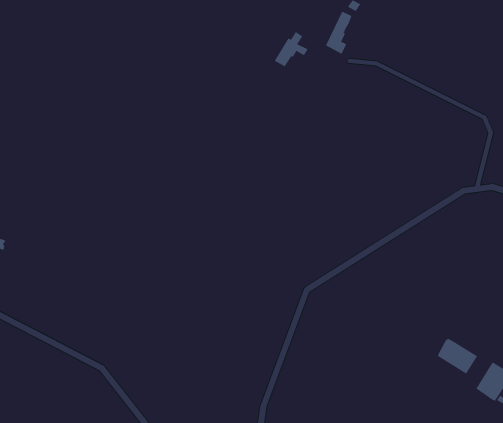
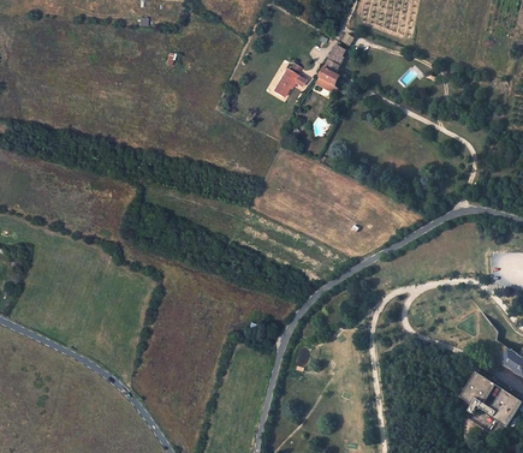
building: [437,337,478,374] -> none

